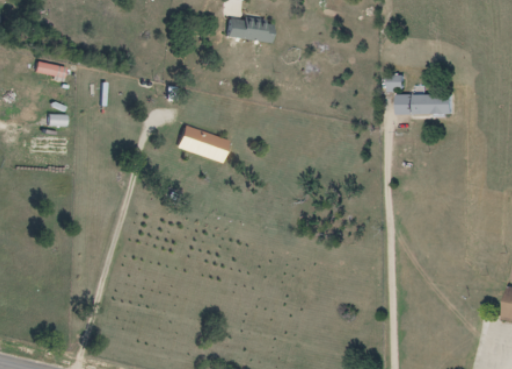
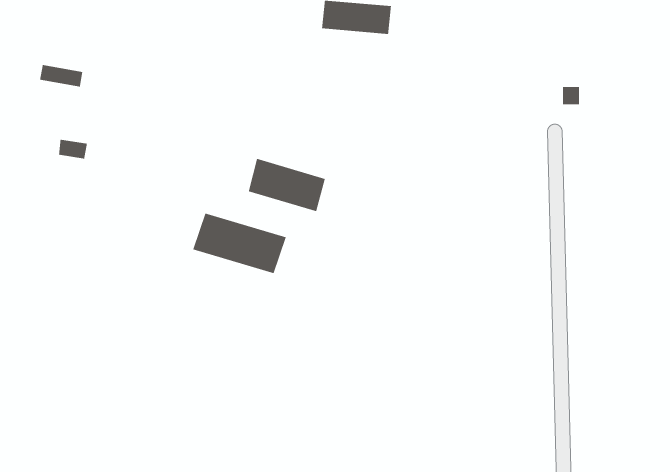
building: [397,94,455,114] -> none
building: none -> [192,212,287,274]

